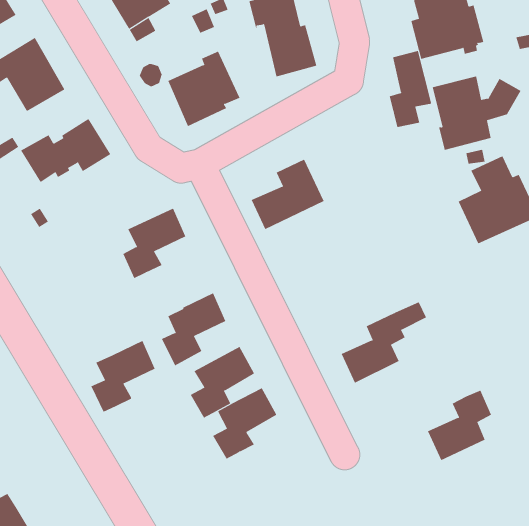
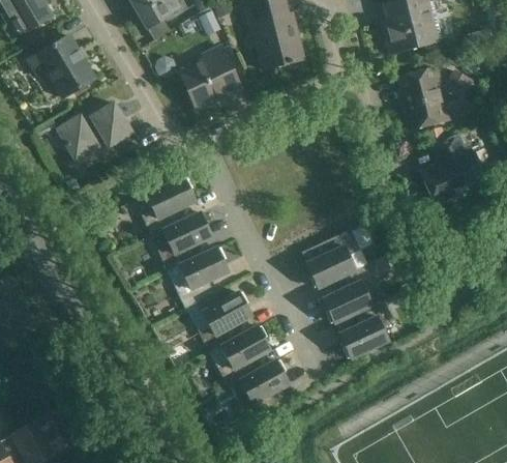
building: [389,50,432,128] -> none
building: [251,159,325,230] -> [306,229,367,288]
building: [91,340,155,412] -> [157,212,211,272]
building: [427,390,492,461] -> [339,299,393,358]
building: none -> [236,360,289,421]

